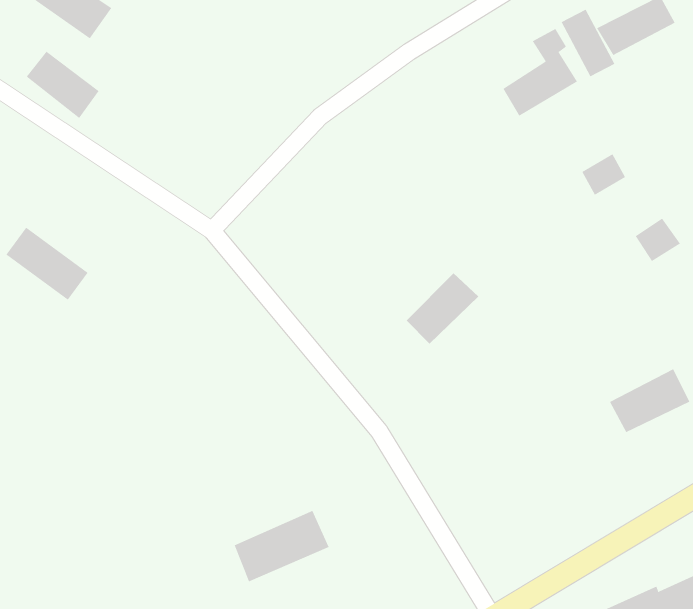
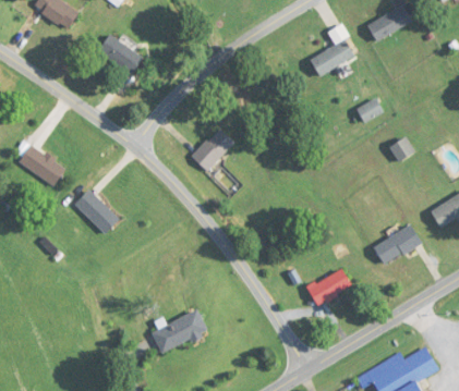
building: [561,9,615,77] -> none
building: [26,51,100,119] -> [98,34,142,74]
building: [406,273,479,344] -> [191,129,234,171]
building: none -> [73,188,119,234]
building: none -> [306,267,352,306]

